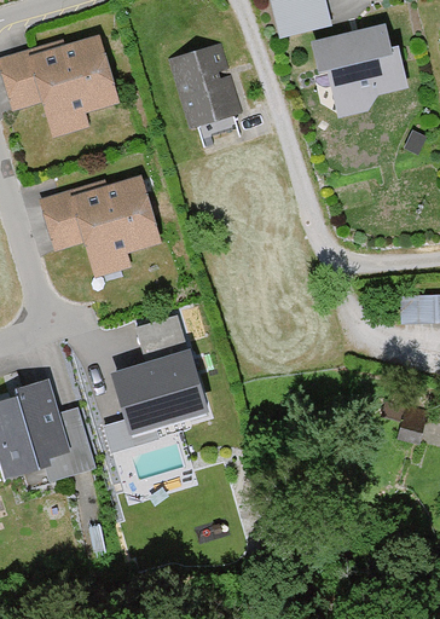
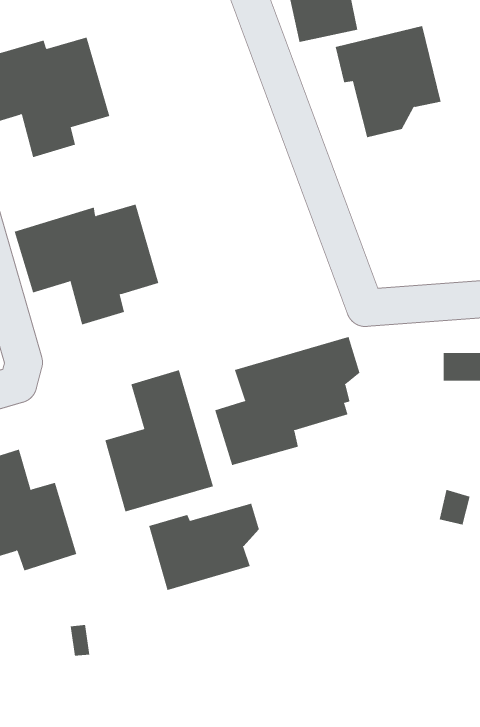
building: [169,45,239,125] -> none
building: none -> [214,336,360,466]
building: none -> [148,503,260,591]

